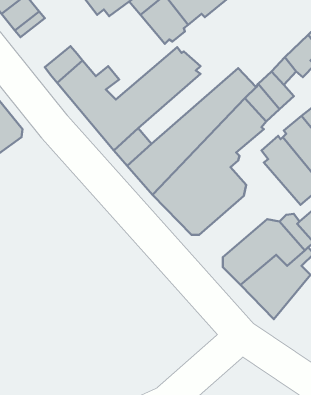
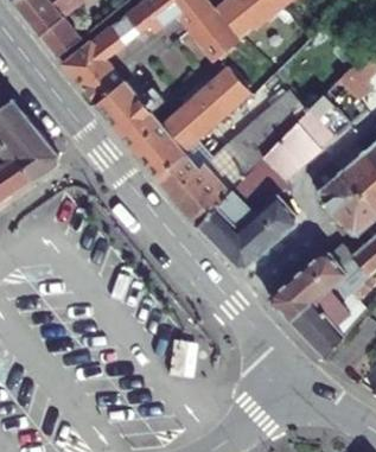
building: none -> [62,26,123,89]

